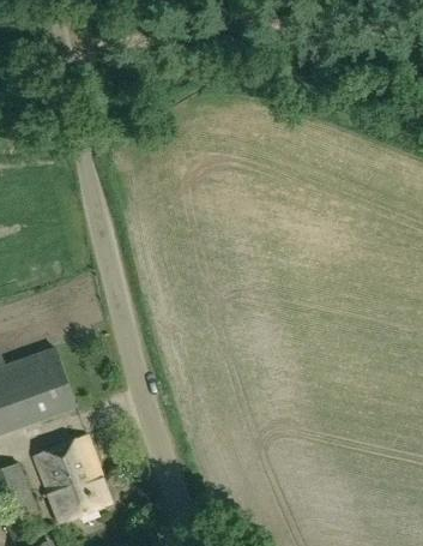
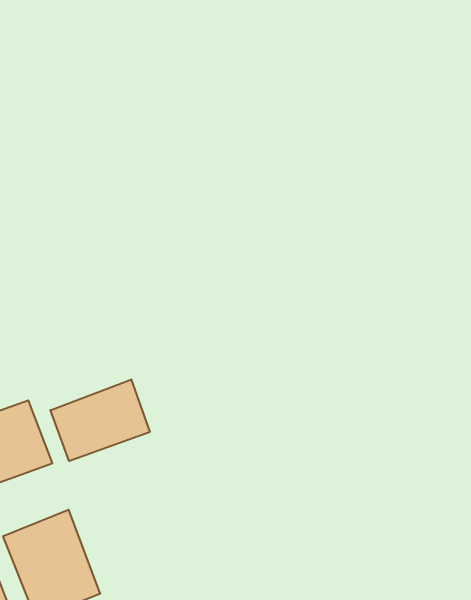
building: none -> [50,379,150,461]

